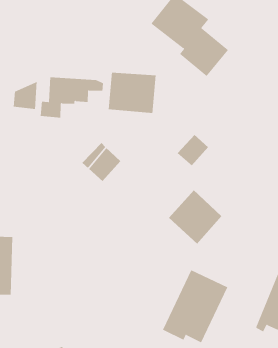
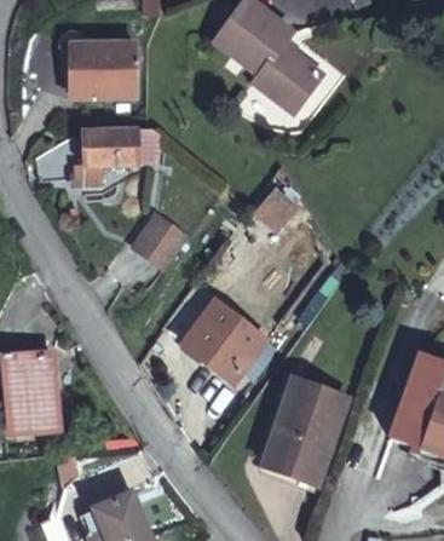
building: [108,72,157,113] -> [74,44,135,96]
building: [168,190,222,245] -> [186,300,259,374]

